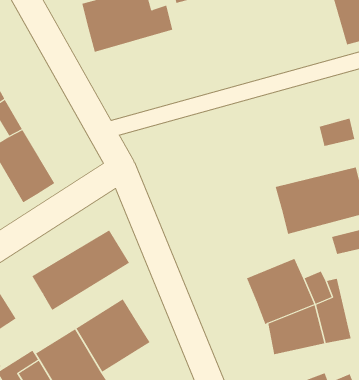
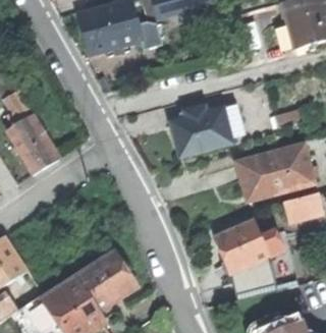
building: none -> [169,102,240,156]
building: [32,230,130,311] -> none

